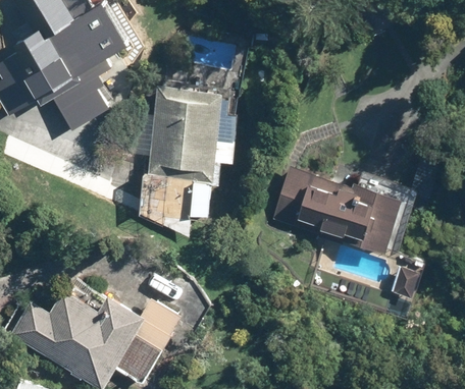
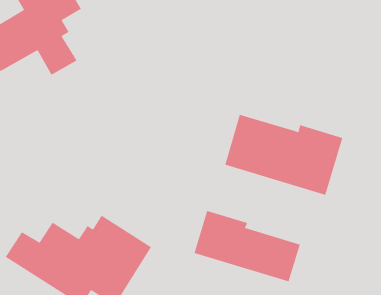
building: [142,87,242,227] -> none
building: none -> [194,210,301,282]

